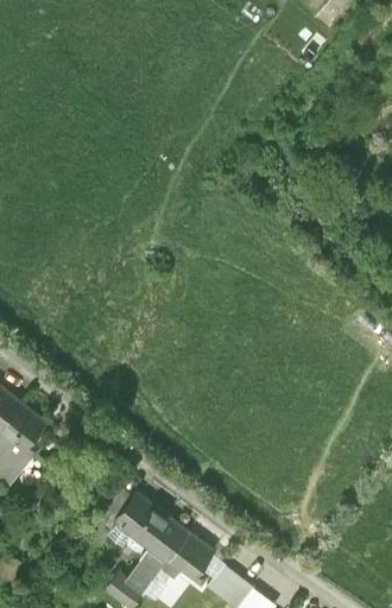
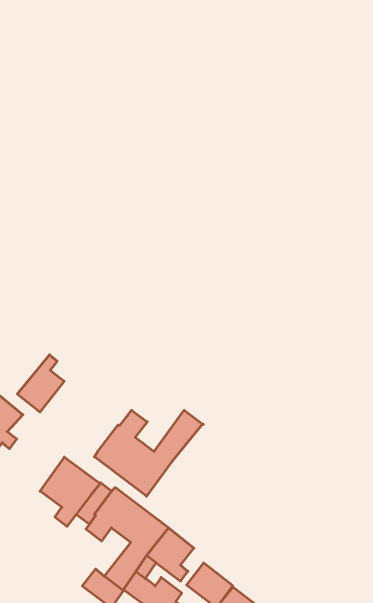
building: none -> [17,355,64,412]
building: none -> [94,410,203,496]
building: none -> [40,457,100,526]

